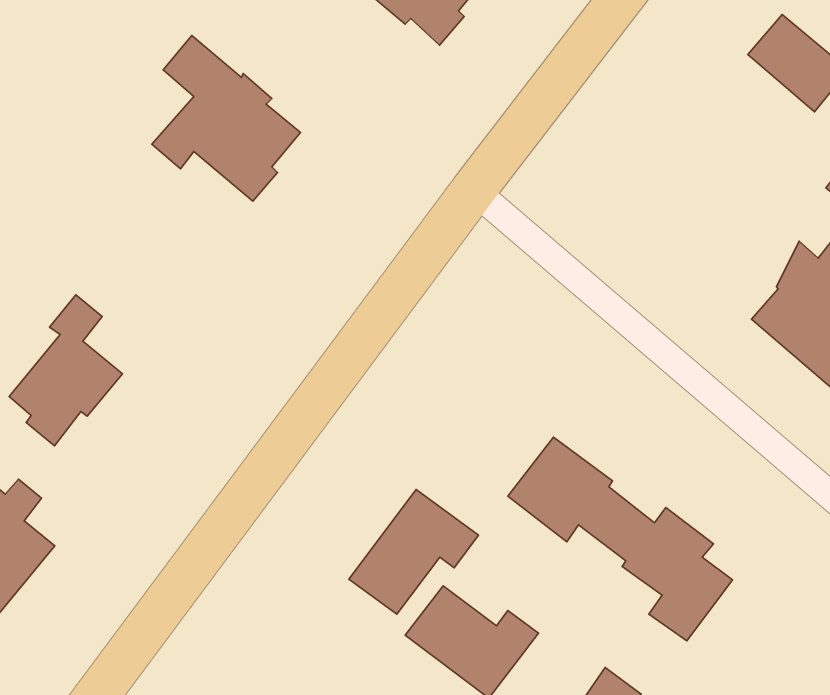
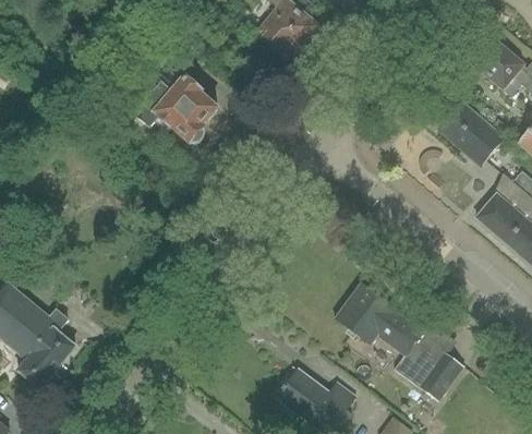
building: none -> [437,103,507,169]
building: [9,295,123,446] -> none
building: [349,489,479,614] -> none

